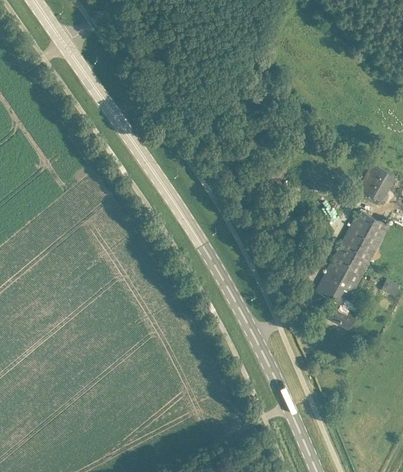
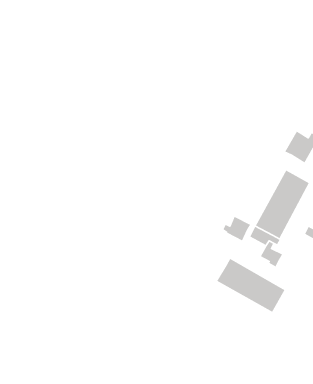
building: none -> [223,216,251,241]
building: none -> [216,258,285,313]

